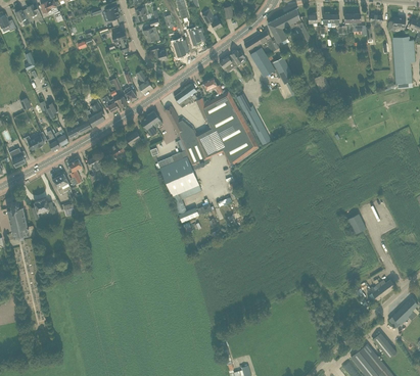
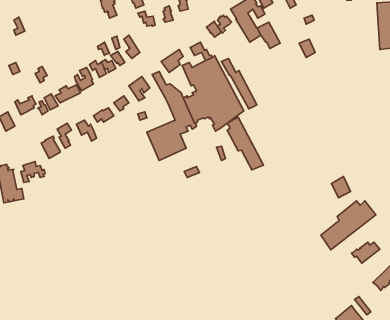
building: none -> [227,117,263,170]
building: none -> [321,201,376,250]

